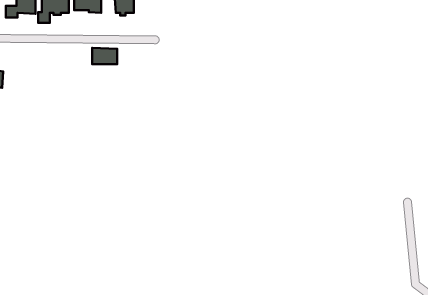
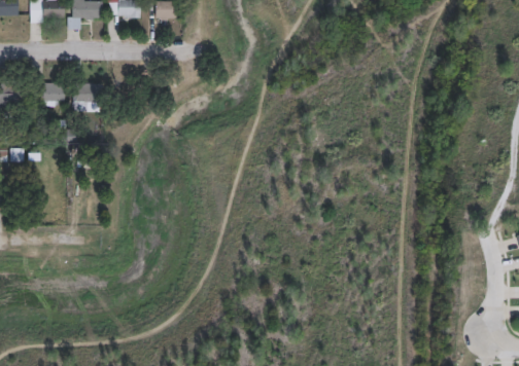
building: [92,48,117,64] -> [73,82,102,101]
building: none -> [30,82,65,107]

